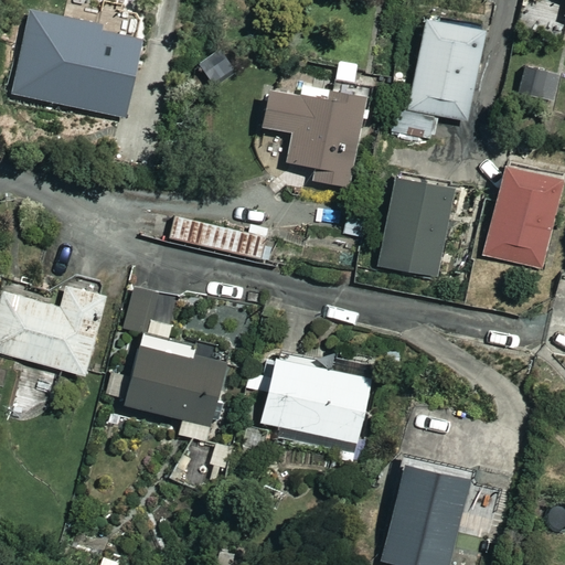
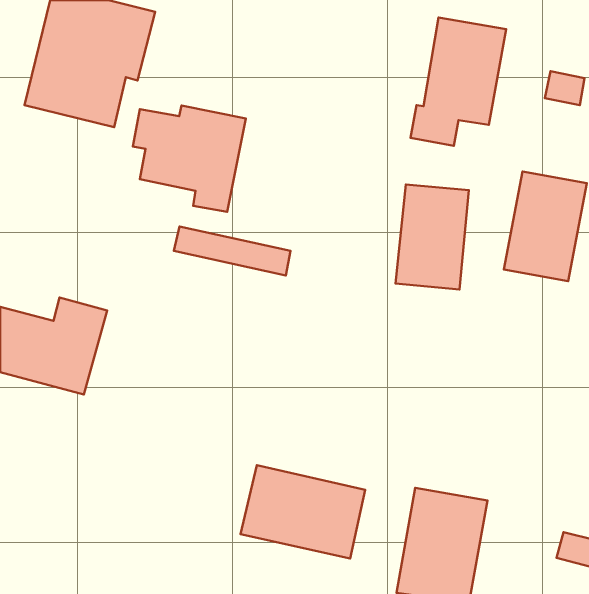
building: [257,86,364,186] -> [133,106,246,212]
building: [122,290,224,441] -> none
building: [257,356,375,445] -> [240,465,365,559]

